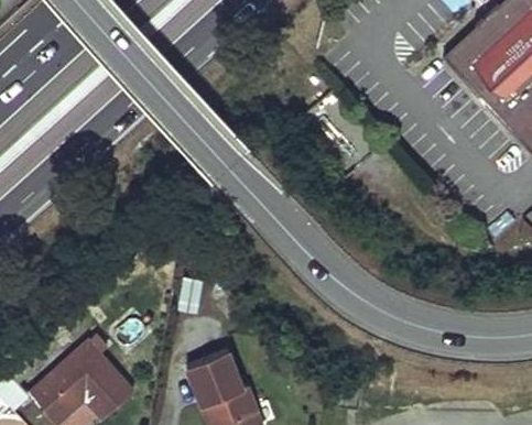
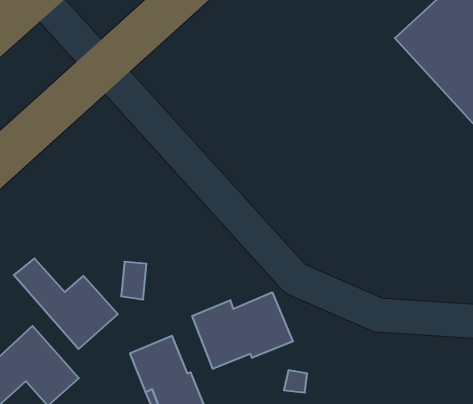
building: none -> [14,258,118,349]
building: none -> [192,292,293,369]

